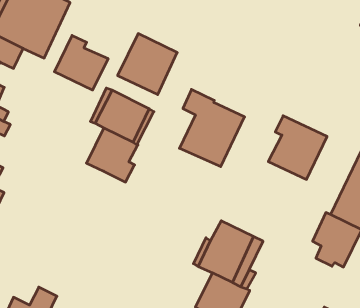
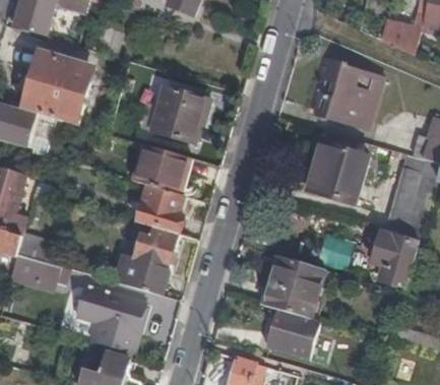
building: [54,35,108,90] -> none
building: [179,89,245,167] -> [315,58,377,129]
building: none -> [119,228,178,294]
building: none -> [76,285,145,352]

